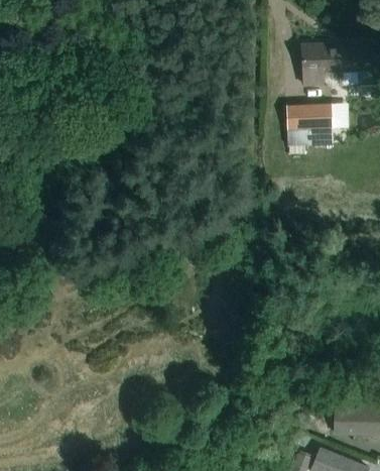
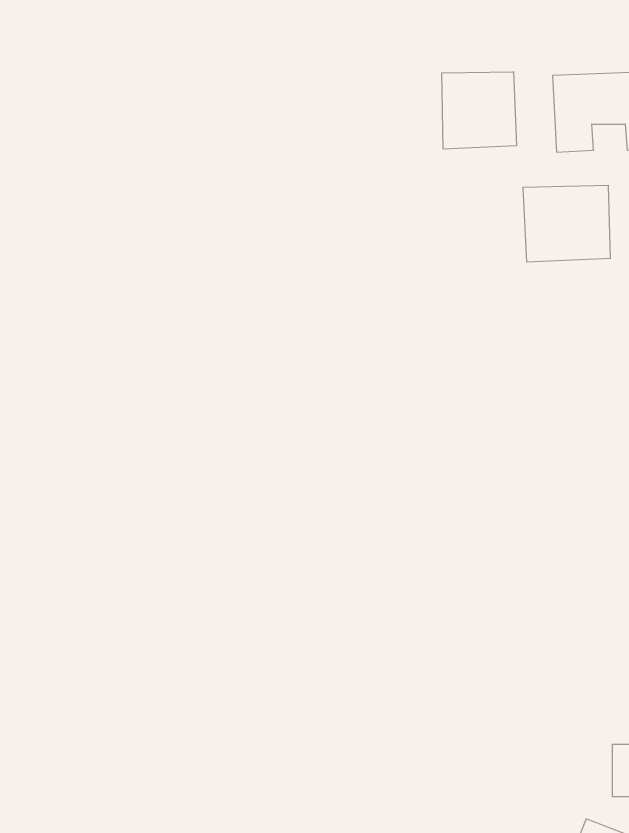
building: none -> [442,72,516,149]

